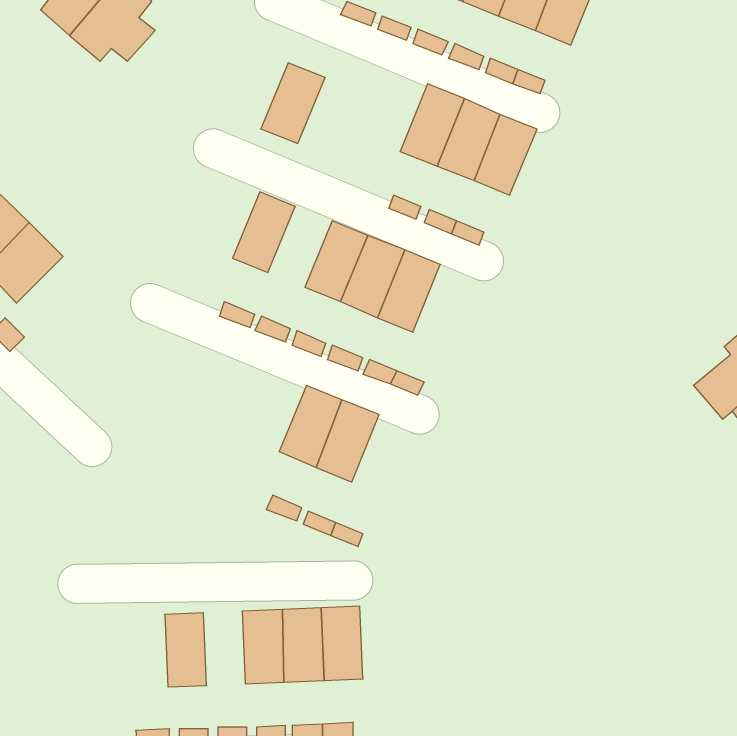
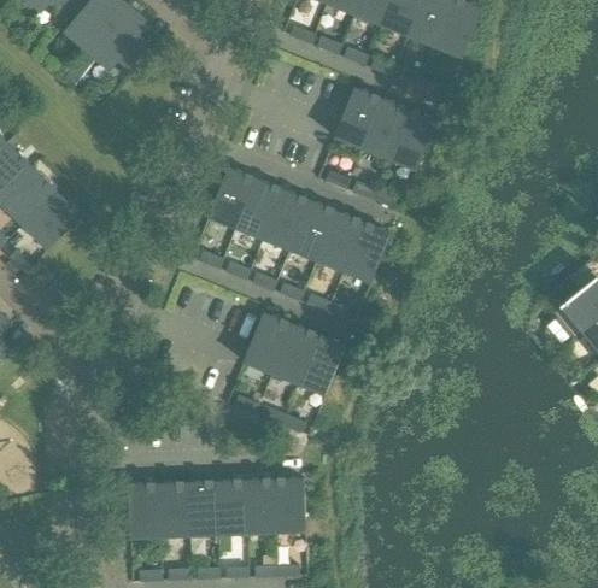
building: [261,63,325,143] -> [235,178,283,239]
building: none -> [344,222,392,283]
building: none -> [298,334,346,395]
building: none -> [187,481,218,536]
building: none -> [129,483,160,539]

